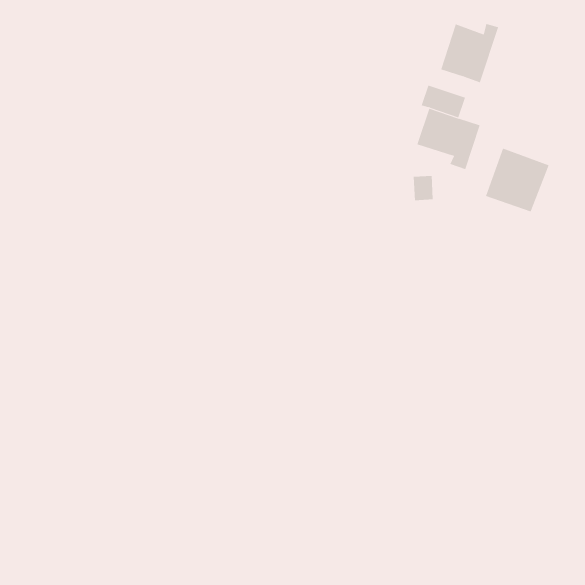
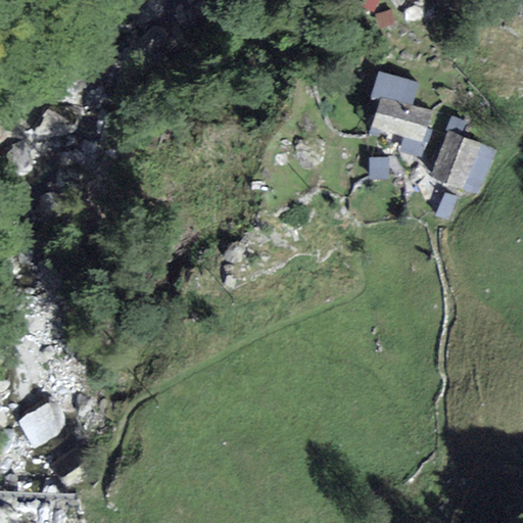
building: [440,23,499,83] -> none
building: none -> [20,396,70,445]

